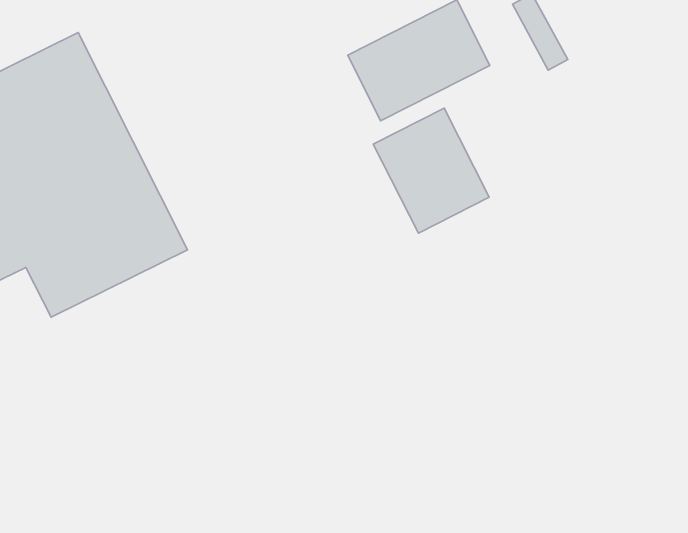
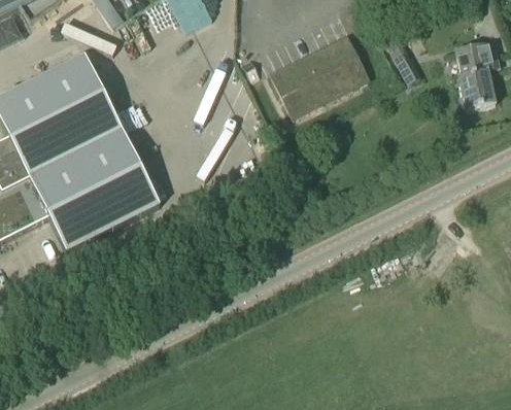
building: none -> [453,39,497,108]
building: [373,108,489,233] -> none

